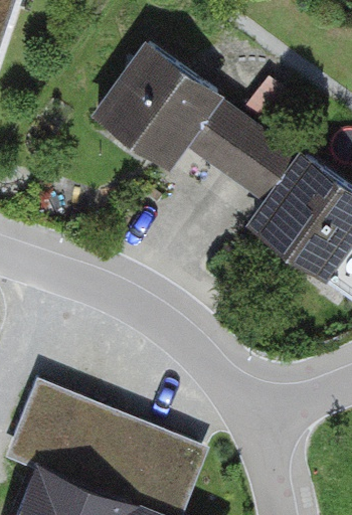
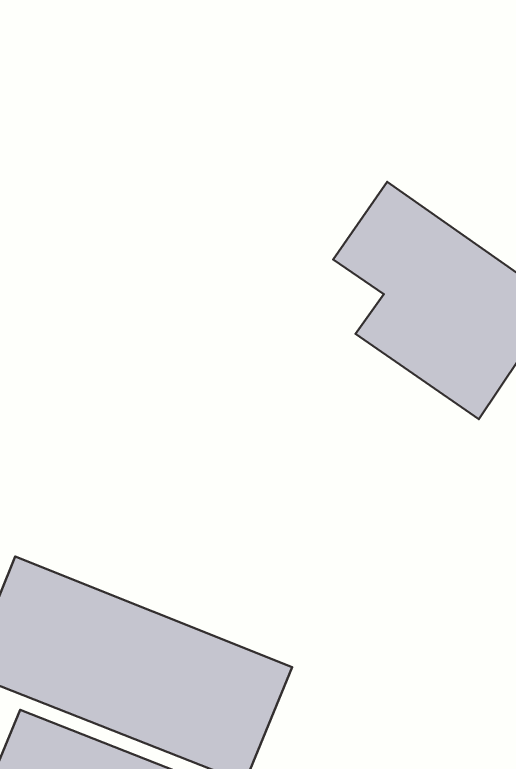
building: [103,50,270,182] -> none

